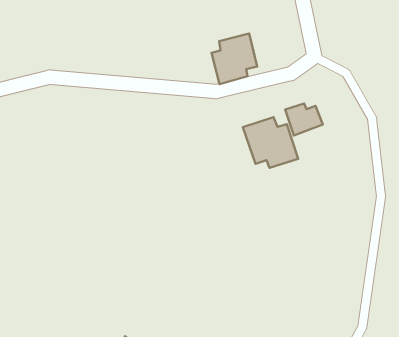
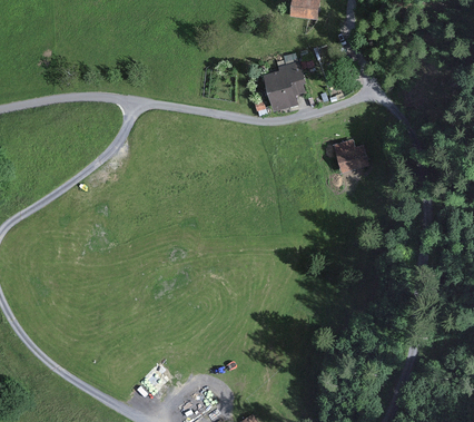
building: [243,117,298,168] -> none

